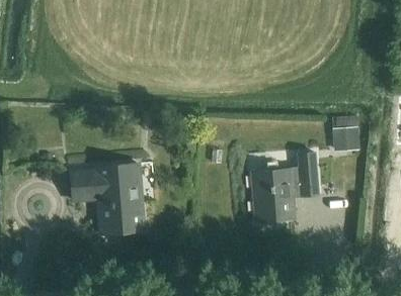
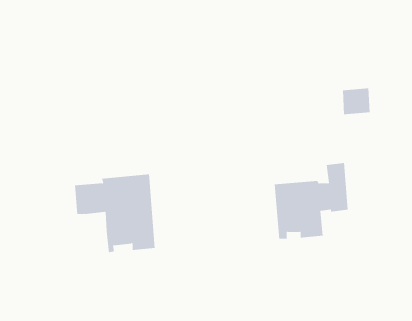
building: [333,125,358,150] -> [342,88,370,115]

